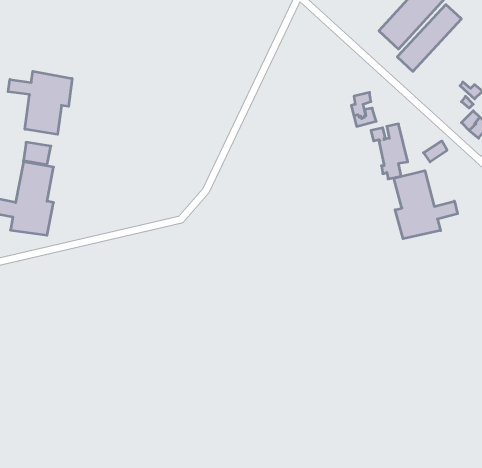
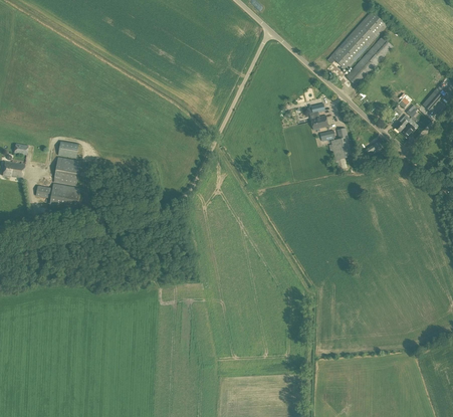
building: [8,71,72,134] -> none
building: [394,171,458,239] -> none

